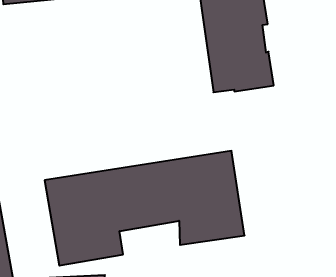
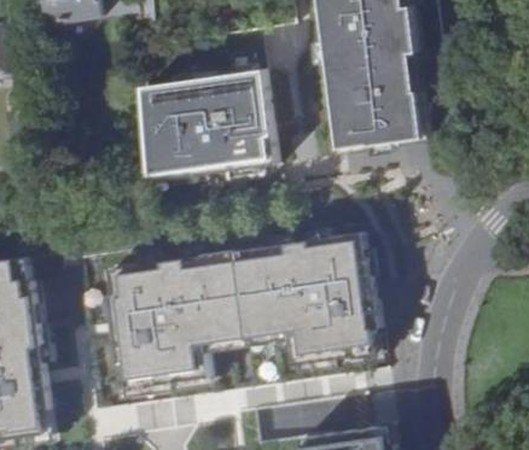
building: none -> [141,69,273,176]

